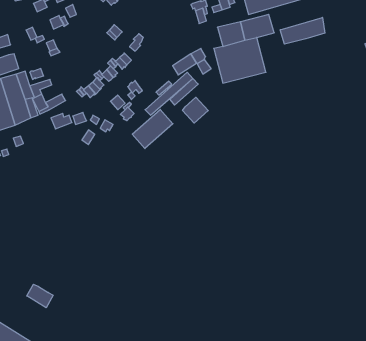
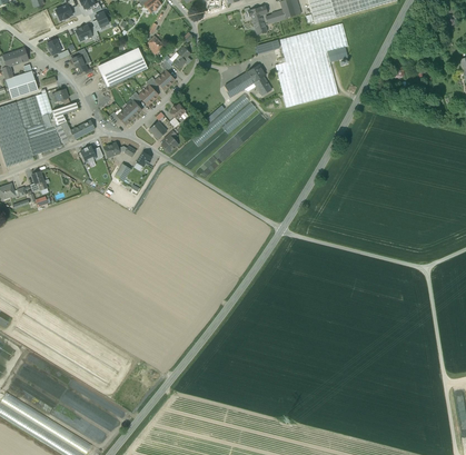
building: [280,17,325,44] -> none
building: none -> [98,48,147,87]
building: [183,97,208,123] -> none
building: [132,109,173,149] -> none
building: [27,284,53,308] -> none

